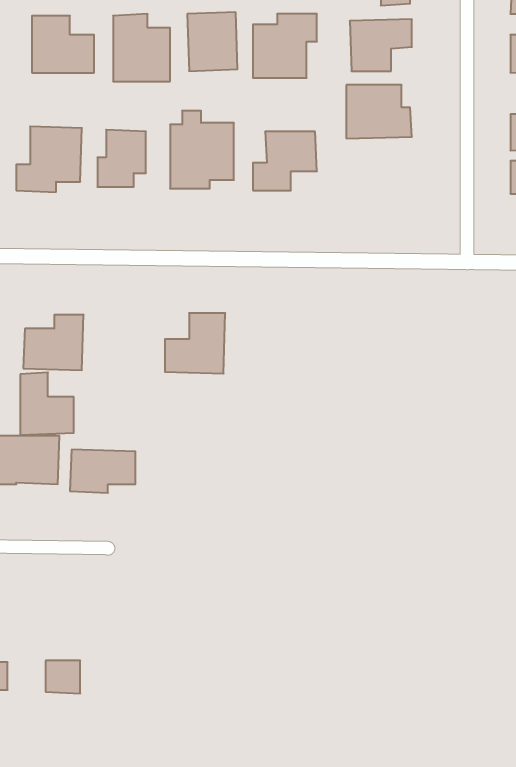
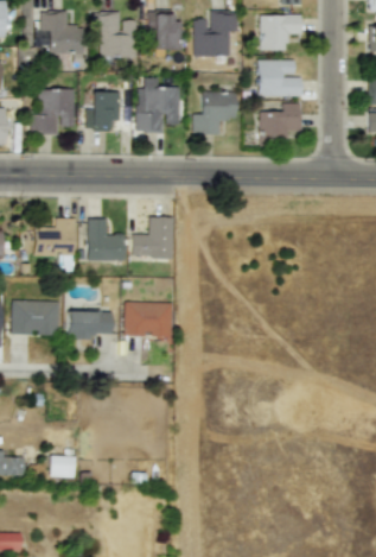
building: none -> [259,102,299,143]
building: [20,372,74,435] -> [88,217,125,260]
building: none -> [125,302,172,337]

